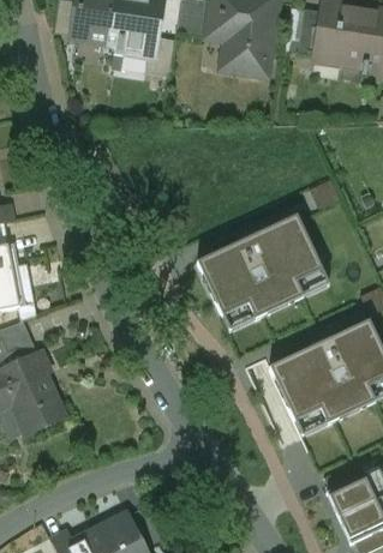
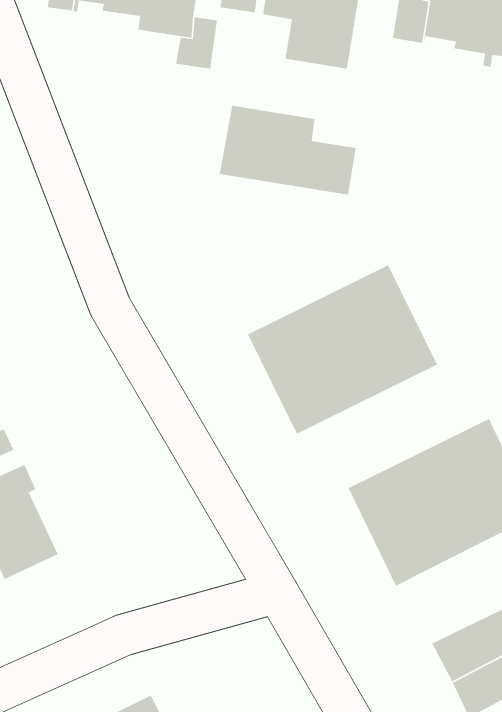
building: none -> [219,105,356,195]

